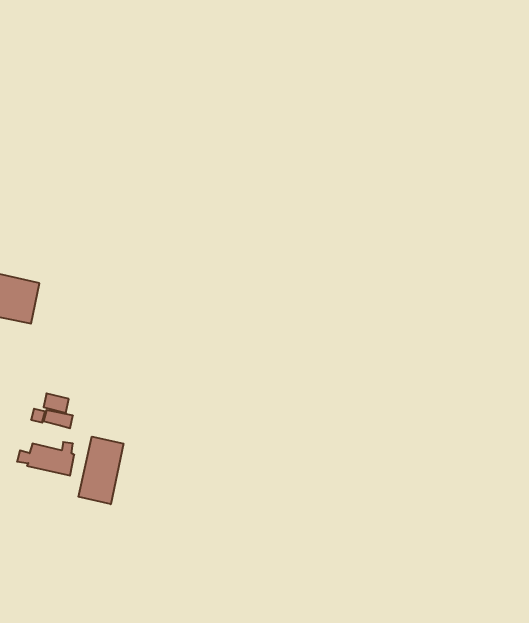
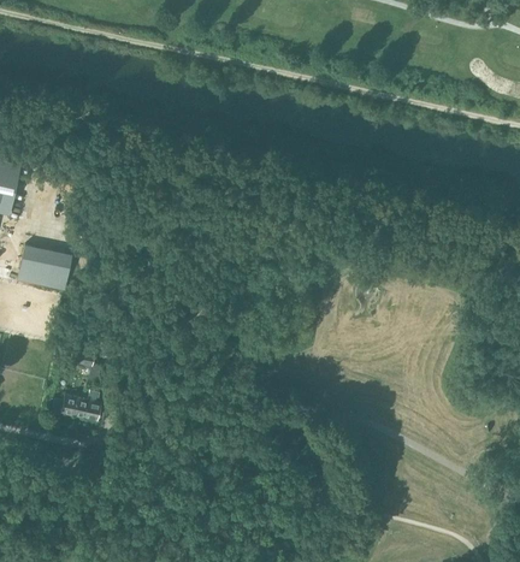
building: [78,437,123,504] -> none

